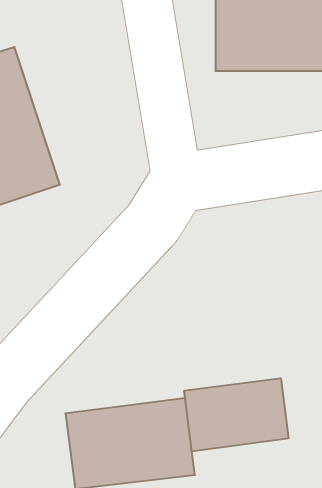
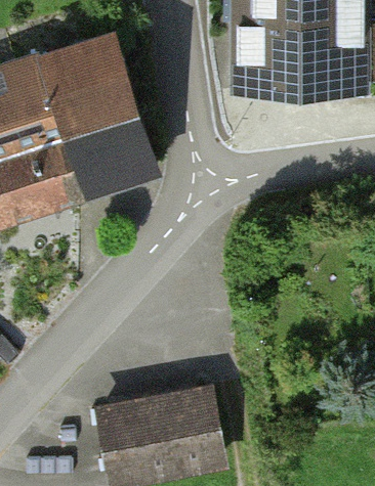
building: none -> [46,38,158,190]
building: [184,378,288,451] -> none

